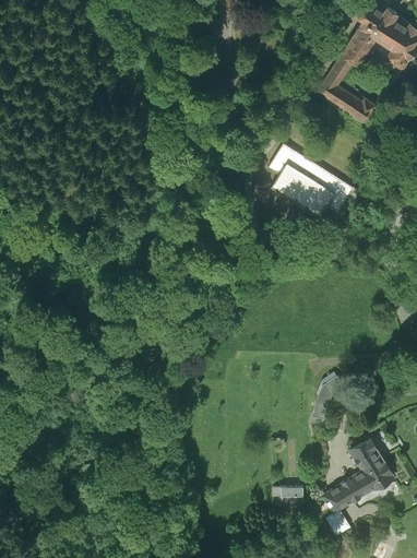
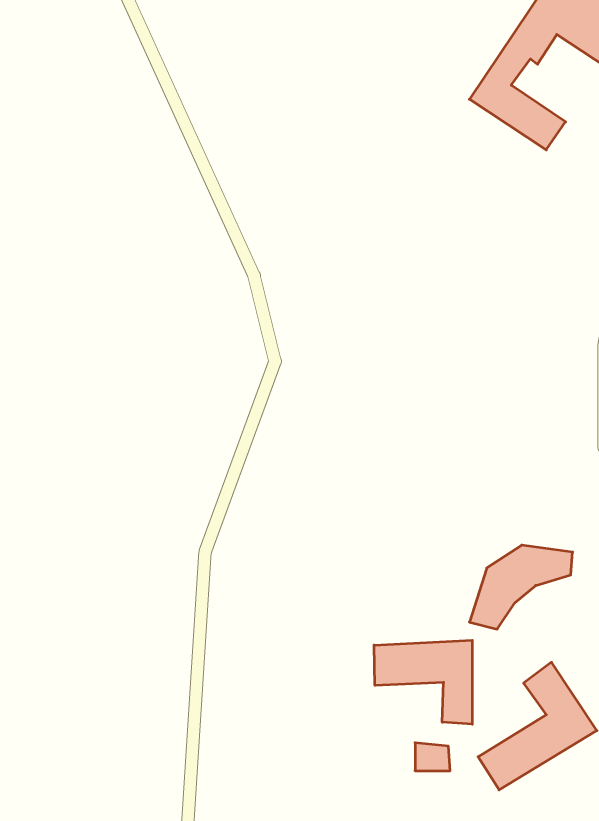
building: [269,143,353,217] -> none
building: none -> [374,640,472,724]

